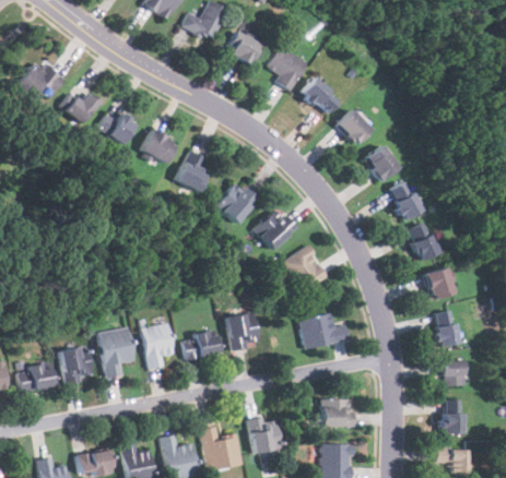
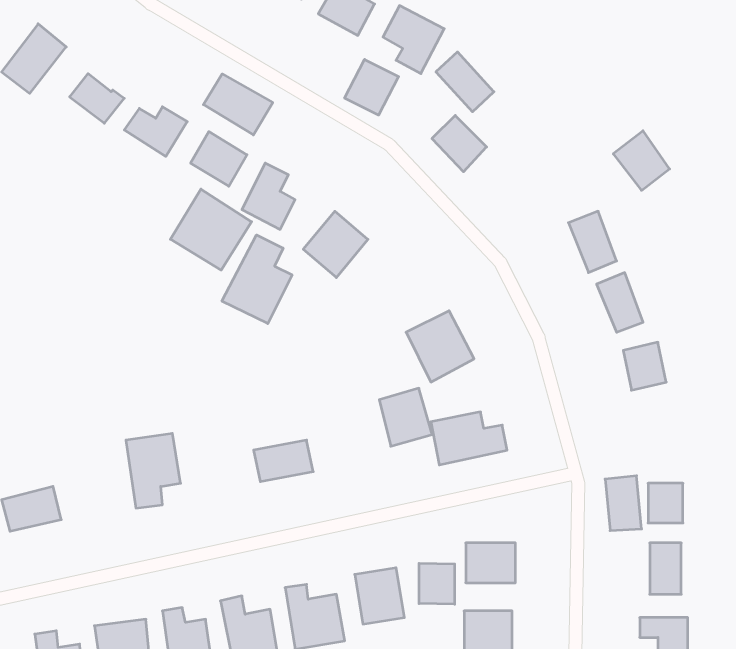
building: none -> [345,59,399,115]
building: none -> [203,74,273,135]
building: [337,109,373,146] -> [432,115,487,172]
building: [363,144,400,183] -> [613,131,670,190]
building: none -> [170,189,252,270]
building: none -> [222,235,292,324]
building: [252,207,297,251] -> none
building: [434,310,458,346] -> [605,476,642,531]
building: [226,311,261,349] -> [379,388,432,446]
building: [141,323,174,368] -> none
building: [61,347,91,381] -> none
building: none -> [419,563,455,604]

